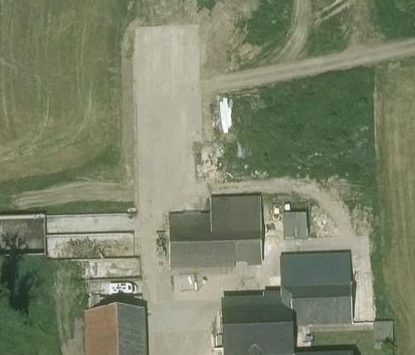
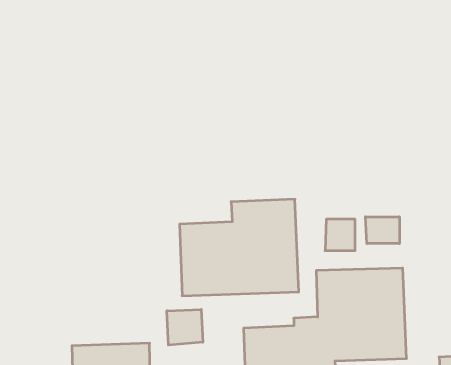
building: none -> [365,217,399,244]
building: none -> [167,309,203,345]

